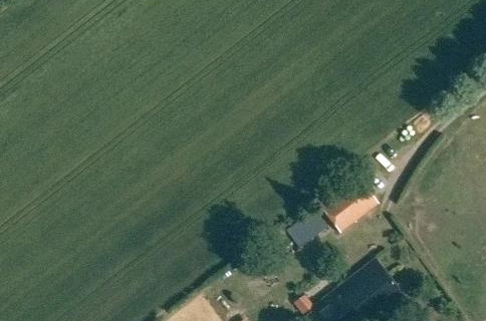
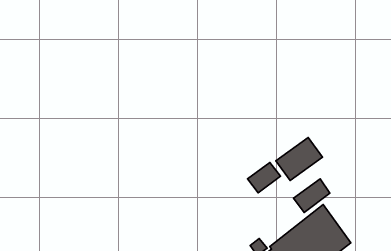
building: none -> [294,179,330,212]

